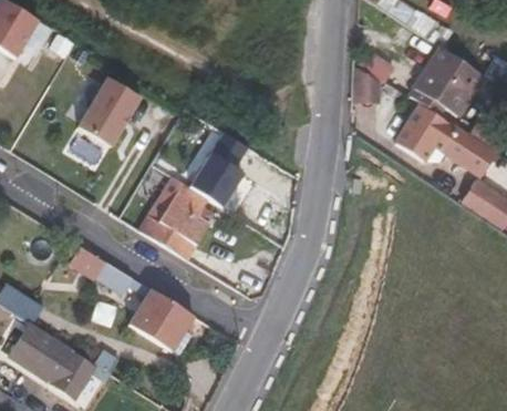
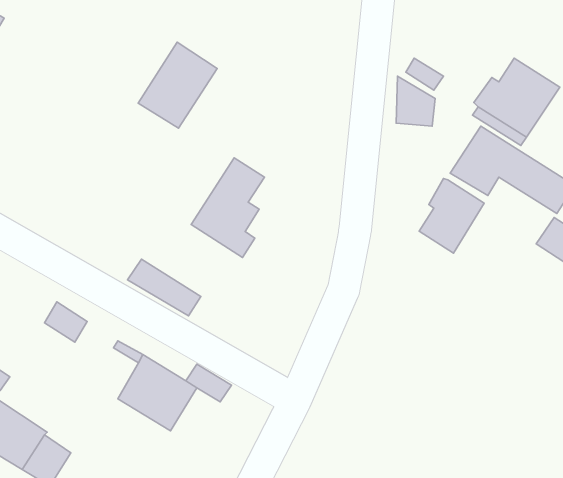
building: [76,76,139,145] -> [138,42,217,128]
building: none -> [419,179,484,253]
building: [148,174,211,242] -> none

